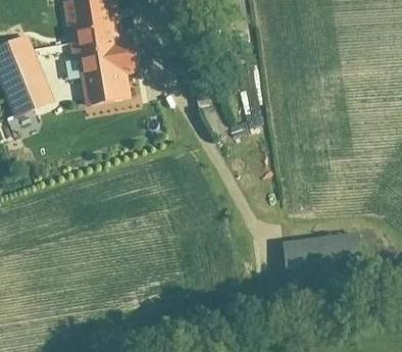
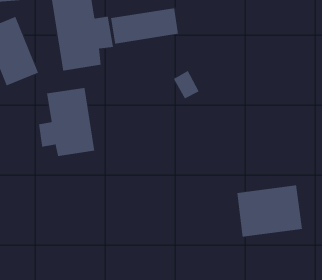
building: none -> [111,7,179,44]
building: none -> [39,87,95,157]

